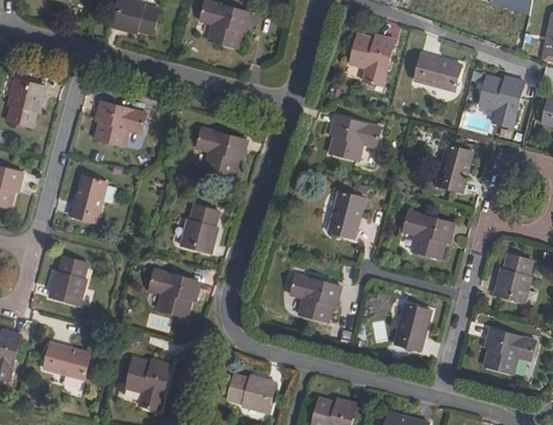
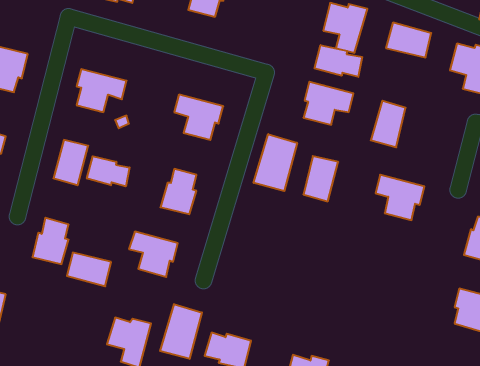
building: none -> [315,45,362,77]
building: [434,144,470,192] -> [371,101,406,147]
building: none -> [254,134,297,191]
building: none -> [87,156,130,186]
building: [290,274,340,320] -> none
building: [394,303,430,350] -> none
building: [44,342,90,377] -> [67,253,111,286]
building: none -> [160,304,202,359]

